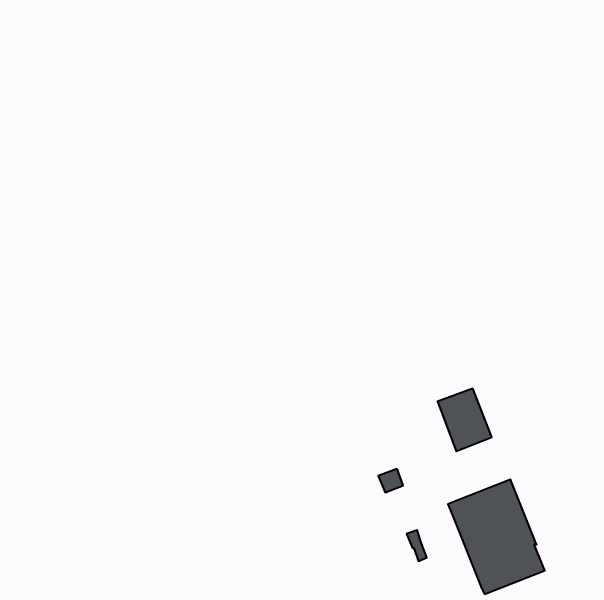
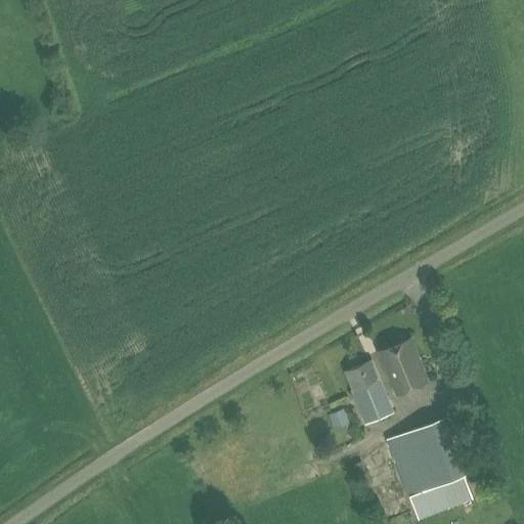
building: none -> [347,363,394,426]

